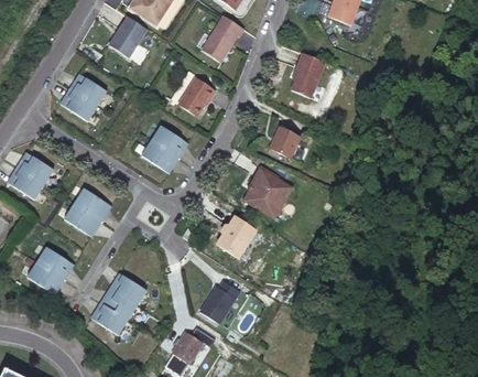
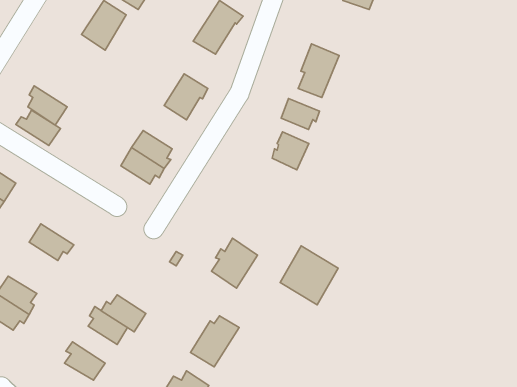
building: [69,75,107,105] -> [16,110,61,146]
building: none -> [281,98,320,129]
building: [242,168,291,217] -> [280,246,338,305]
building: [75,187,108,220] -> none
building: [101,289,139,320] -> [101,295,146,332]

